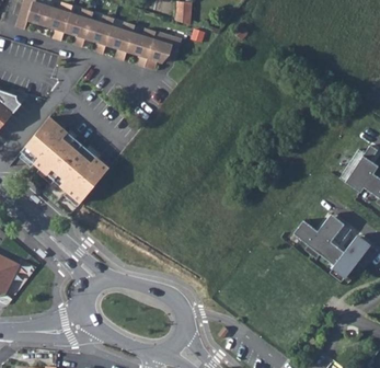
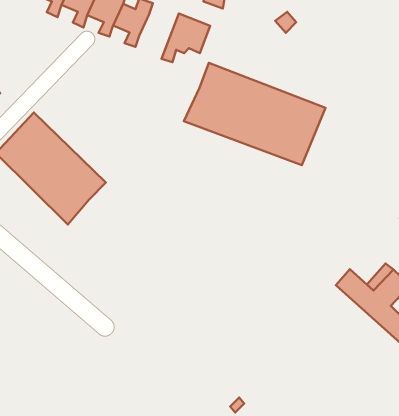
building: [126,28,156,68] -> none
building: none -> [184,63,325,165]

